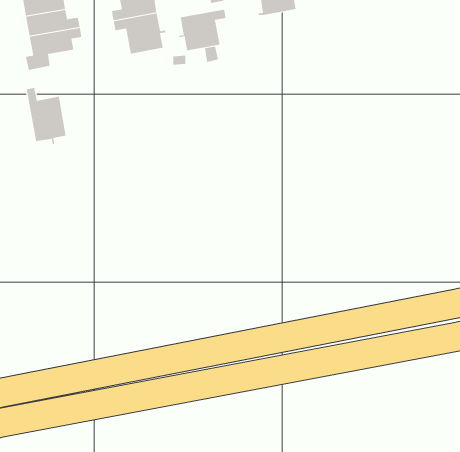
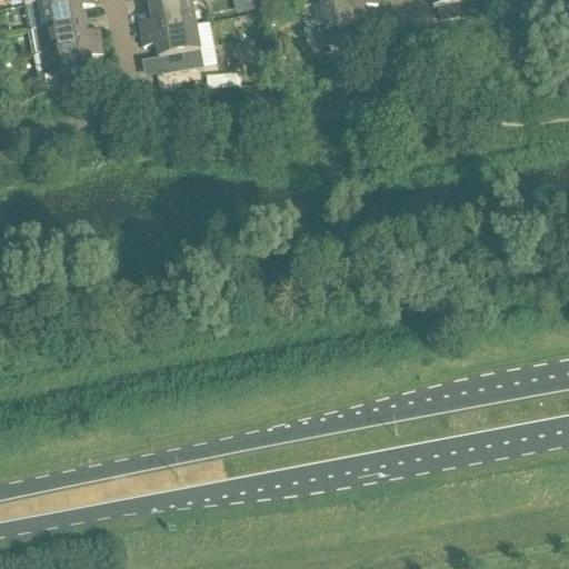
building: [179,9,226,51] -> none
building: [26,87,66,145] -> none

